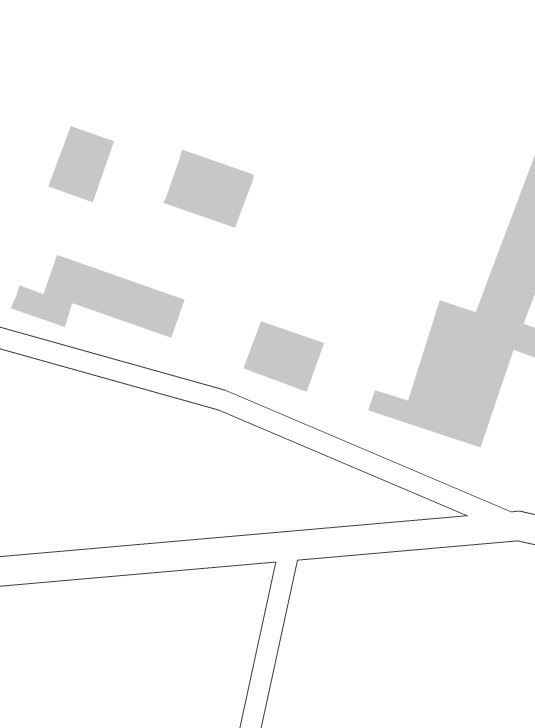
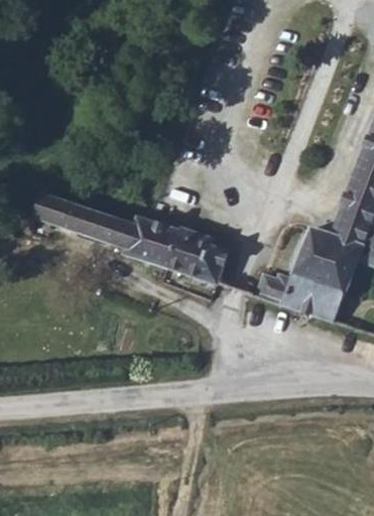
building: [48,125,115,203] -> none
building: [162,149,255,229] -> [126,216,189,269]

